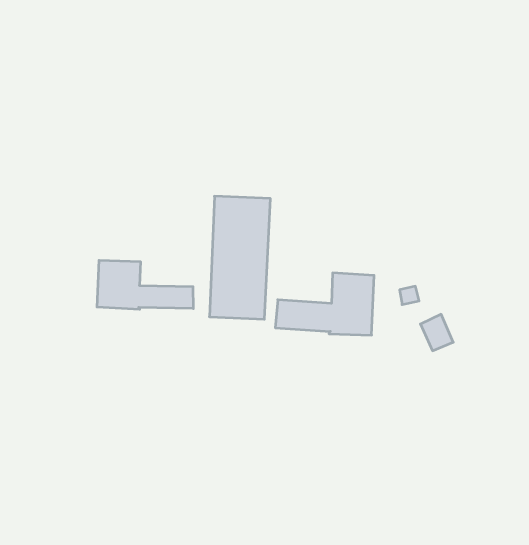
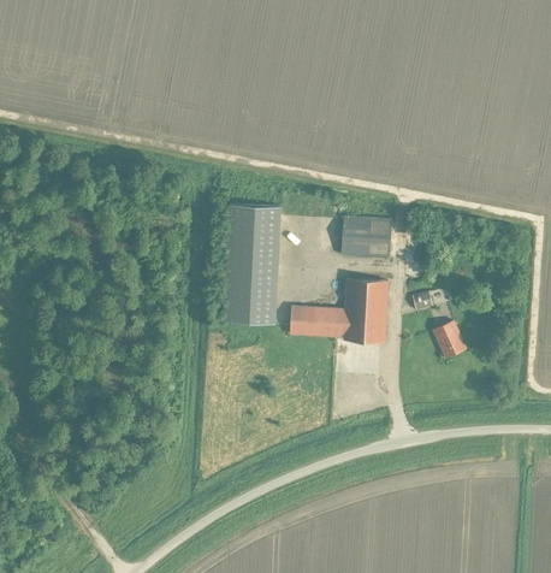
building: none -> [339,215,391,258]
building: [97,260,193,309] -> none

